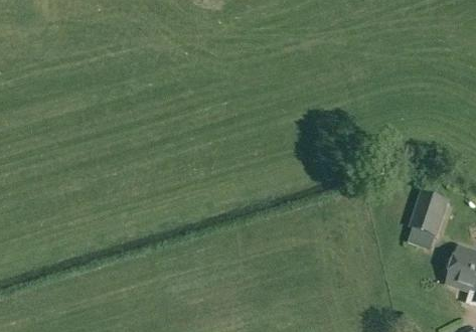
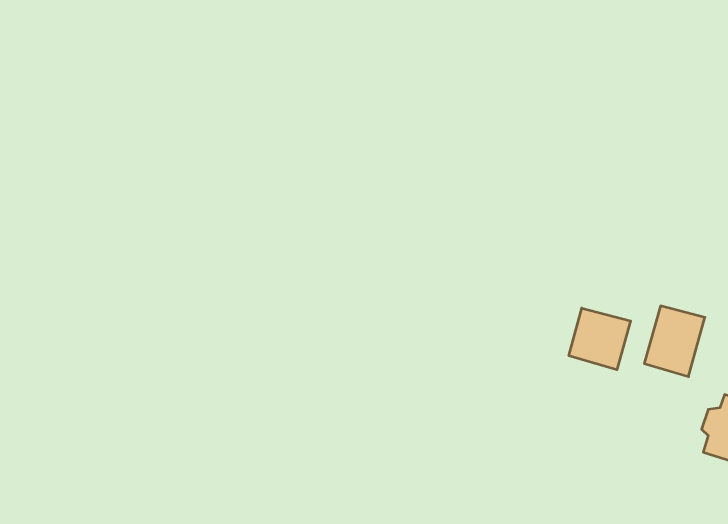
building: none -> [569,308,631,370]

